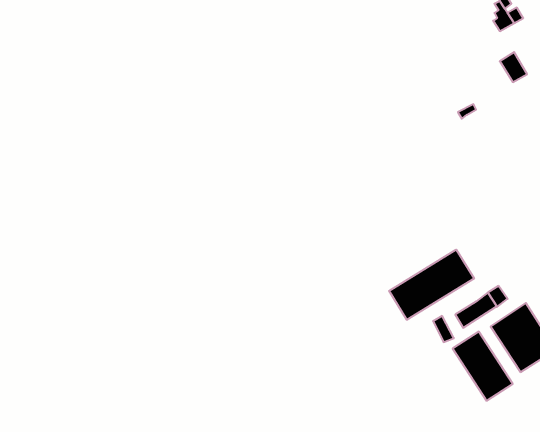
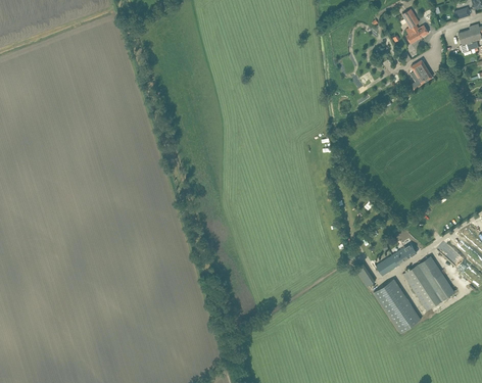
building: [389,250,474,320] -> none

